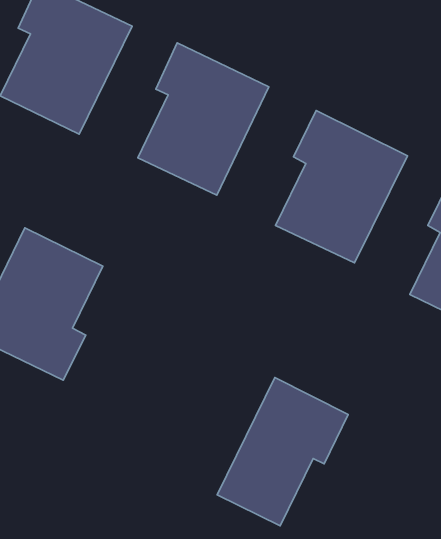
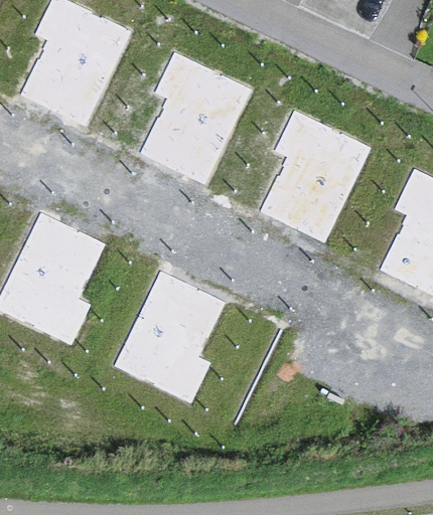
building: none -> [106,269,223,404]
building: [217,378,348,526] -> none

